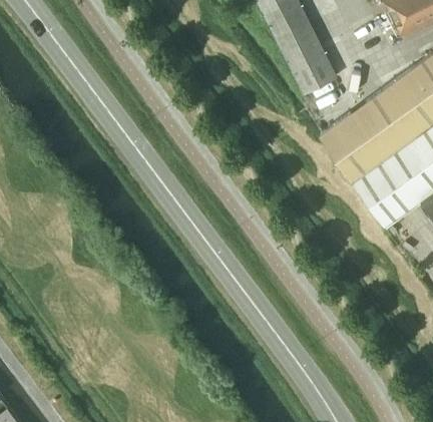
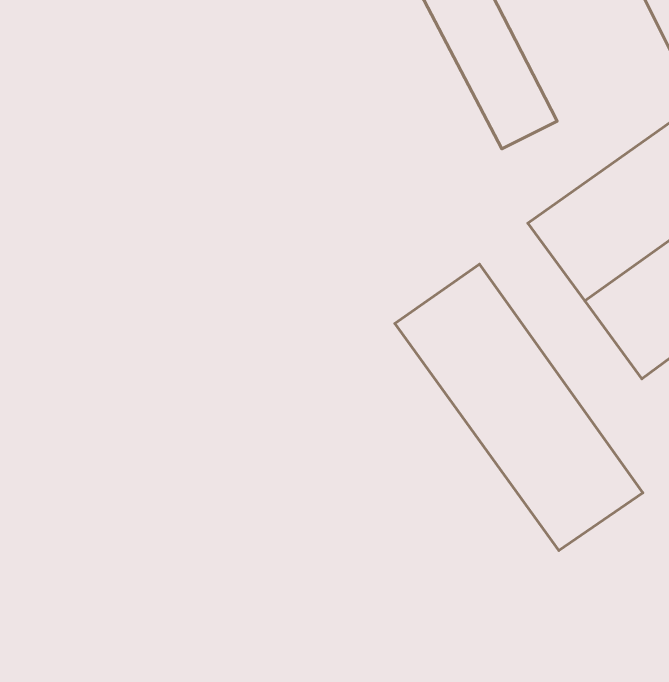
building: none -> [395,264,643,551]

